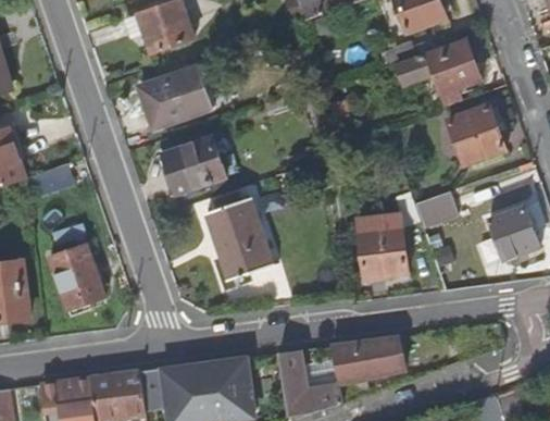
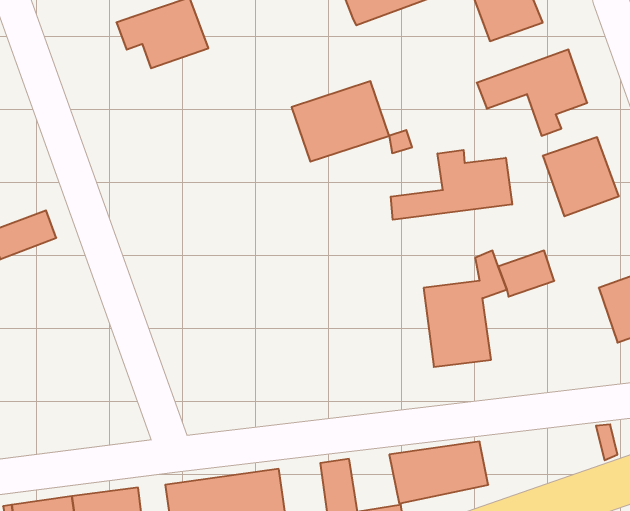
building: [140,65,214,126] -> [292,81,389,162]
building: none -> [391,150,512,220]
building: [163,136,226,194] -> none
building: [205,197,272,278] -> none
building: [49,243,104,313] -> none

